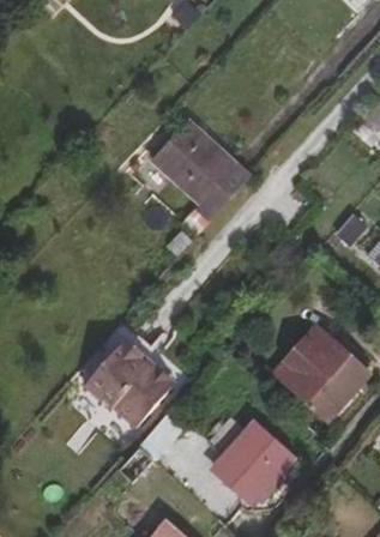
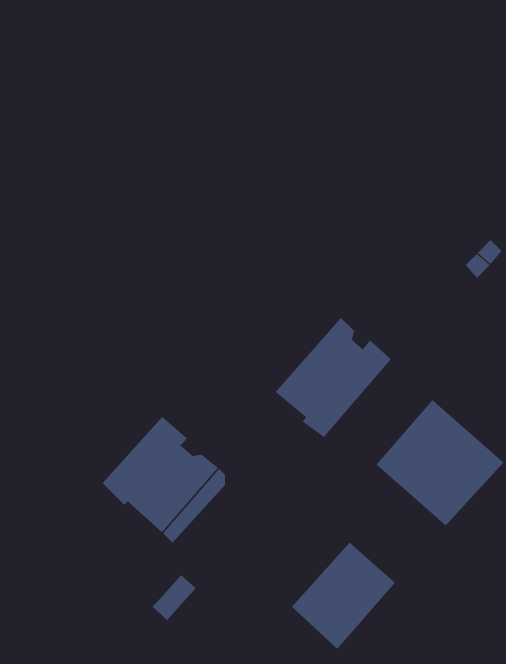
building: [151,121,248,215] -> none
building: none -> [275,317,392,438]

